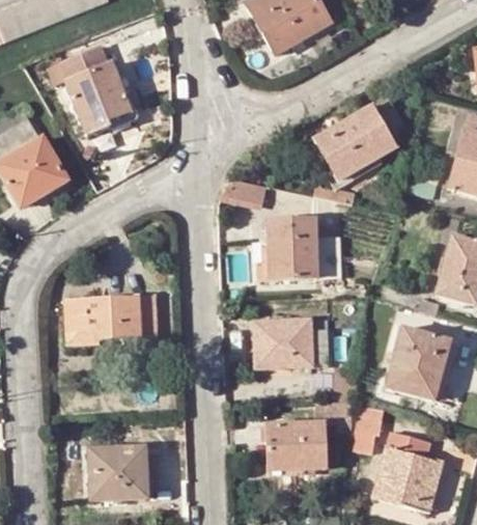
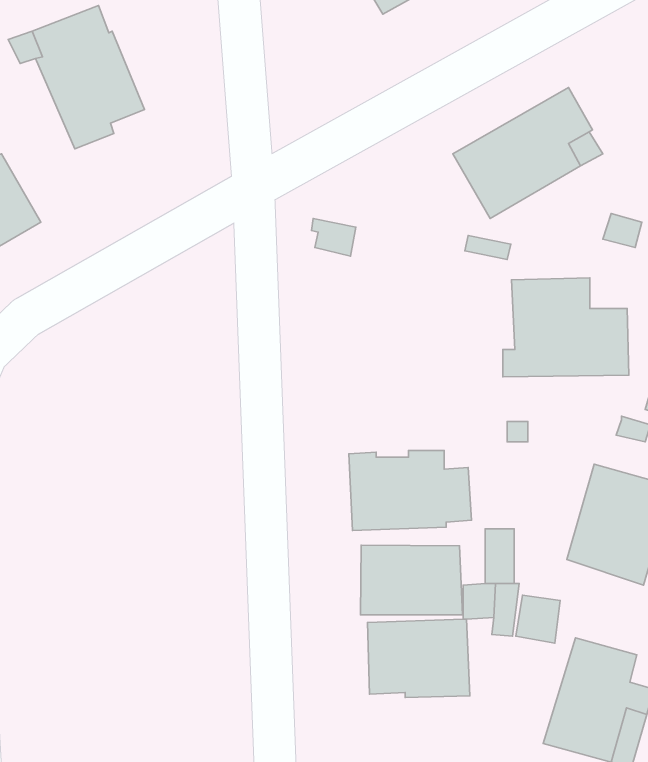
building: [263,219,340,279] -> [503,278,629,377]
building: [66,296,156,344] -> none
building: none -> [360,545,463,615]
building: [89,444,149,498] -> none

